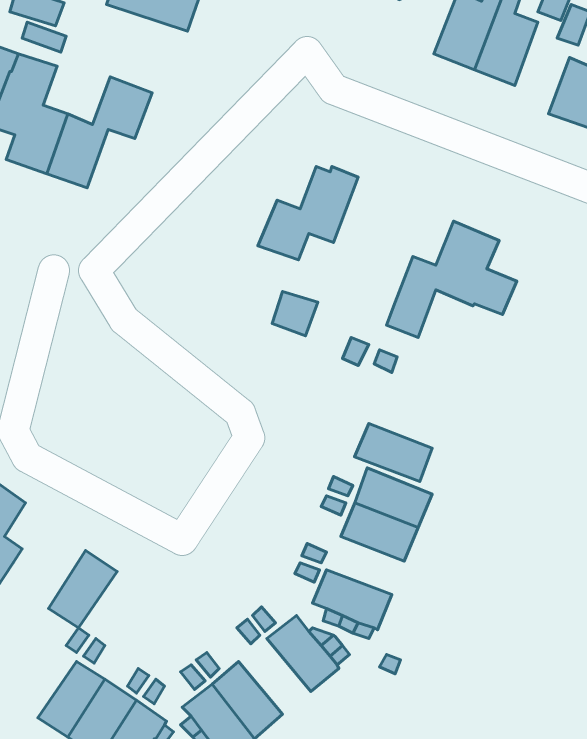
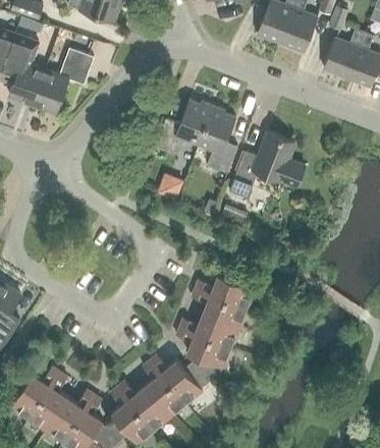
building: none -> [199,106,237,173]
building: [355,423,432,481] -> [195,314,239,347]
building: [48,550,117,628] -> [10,374,50,418]
building: none -> [144,373,185,416]

